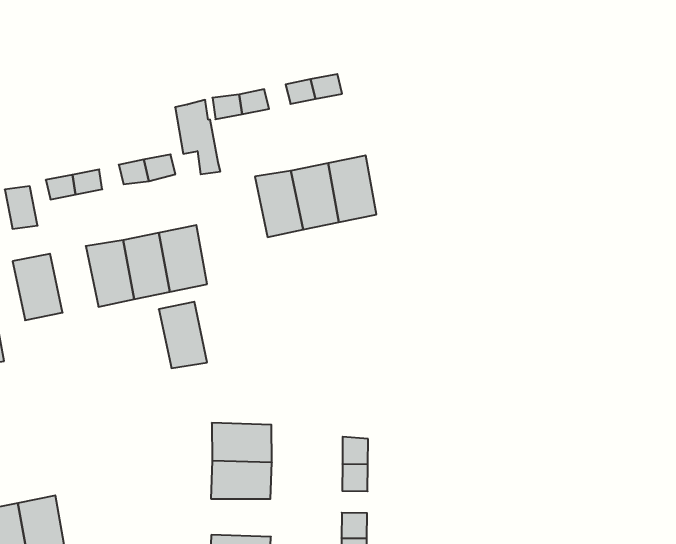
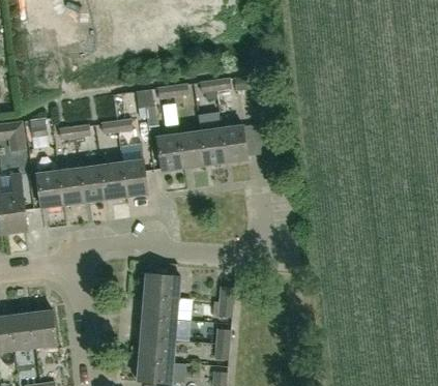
building: none -> [156,133,183,172]
building: [159,302,207,368] -> [58,168,84,205]
building: none -> [141,317,176,340]

